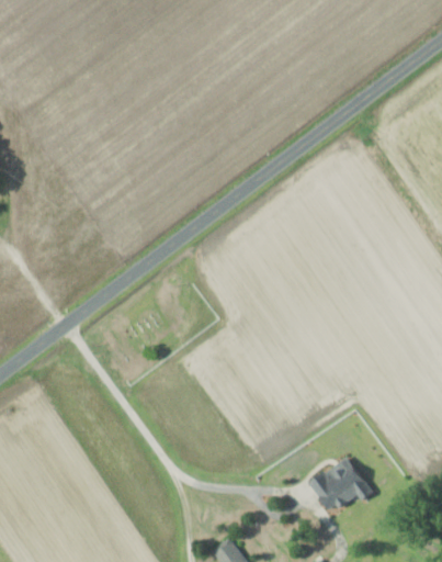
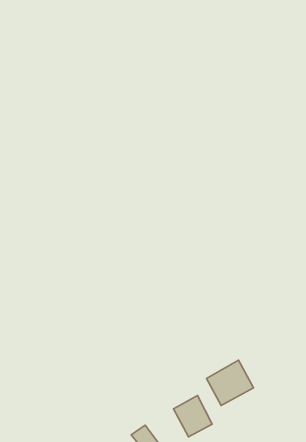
building: none -> [174,396,212,437]

